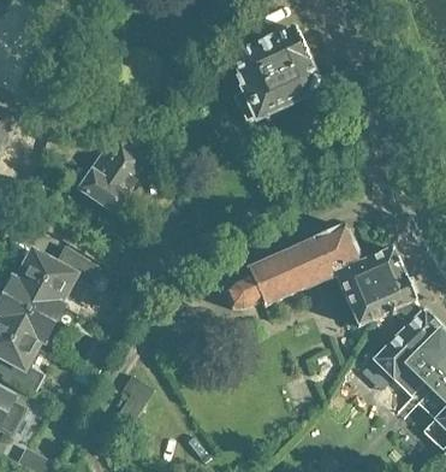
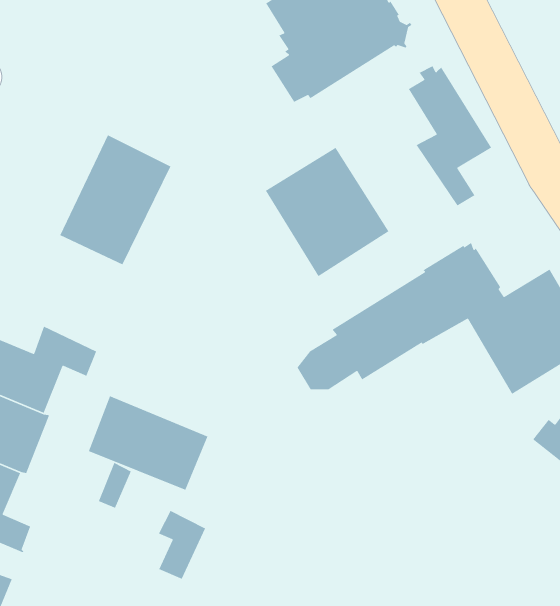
building: none -> [408,65,492,206]
building: none -> [265,147,390,277]
building: none -> [88,395,209,491]

